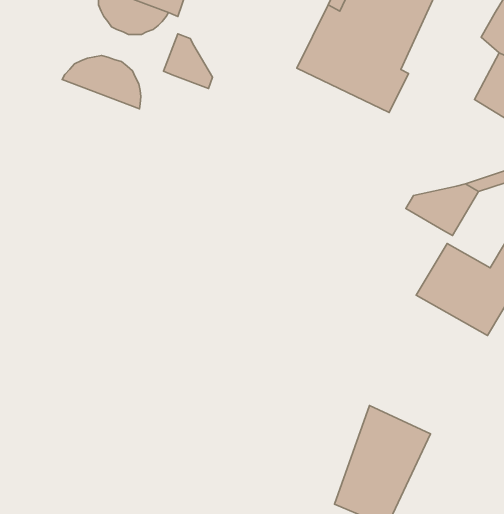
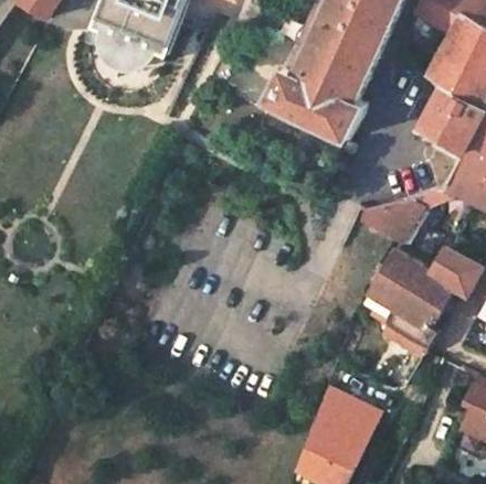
building: [164,34,213,88] -> none
building: [62,55,141,109] -> none
building: none -> [362,293,436,356]

